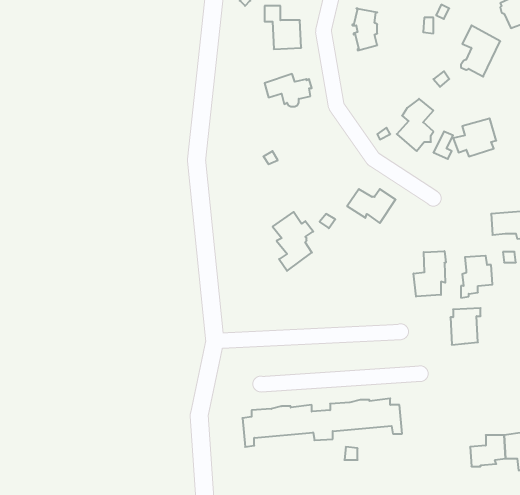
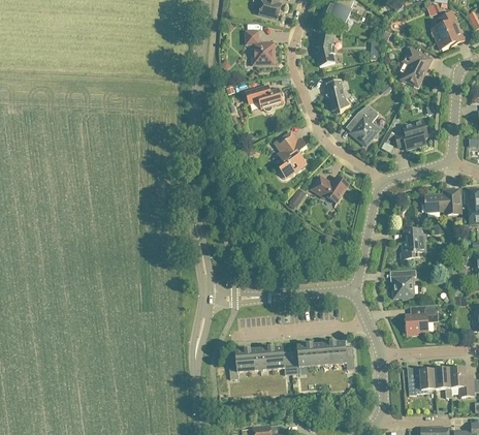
building: none -> [326,79,350,112]
building: [273,212,313,271] -> [275,130,307,177]
building: [414,251,446,297] -> none
building: none -> [406,304,438,334]

